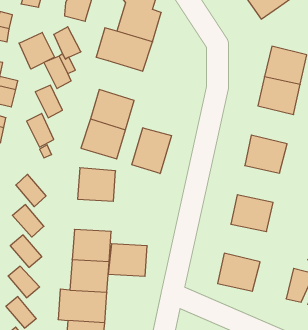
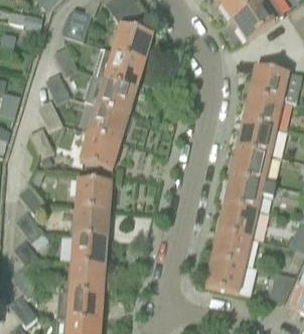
building: [19,32,55,69] -> none
building: none -> [96,78,136,116]
building: none -> [237,121,276,156]
building: [132,128,172,174] -> none
building: none -> [223,176,276,210]
building: none -> [211,230,251,266]
building: [108,244,147,276] -> [72,207,109,237]

